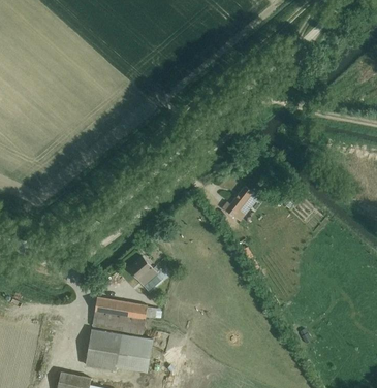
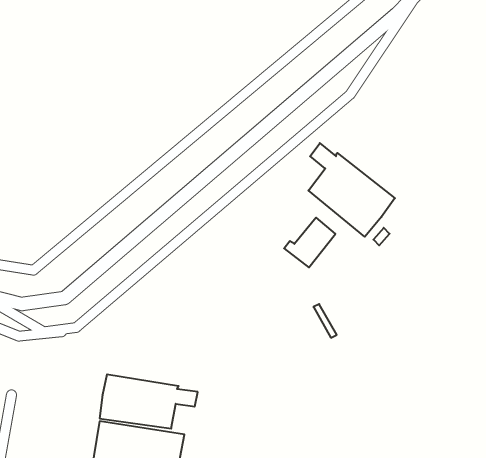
building: none -> [308,143,395,237]
building: [128,256,162,291] -> none

